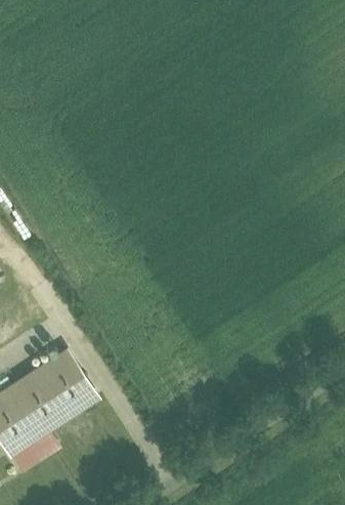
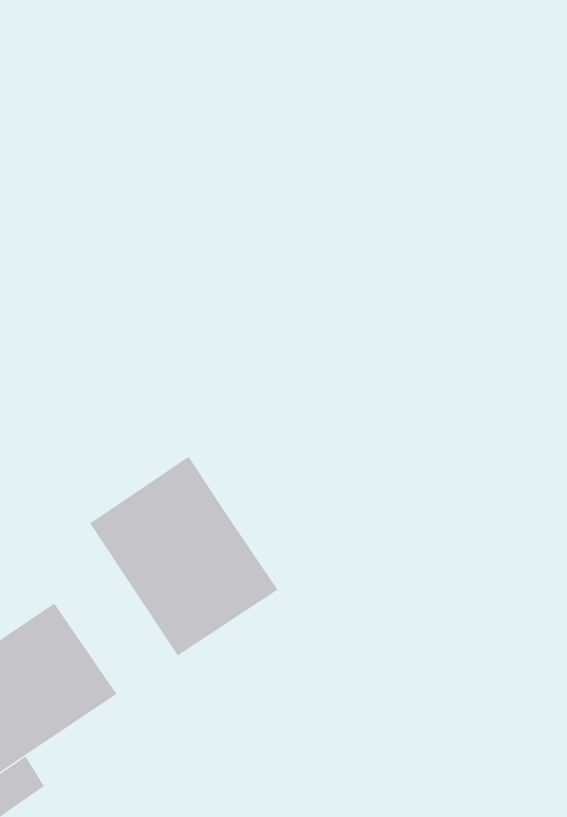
building: none -> [89,456,279,656]

